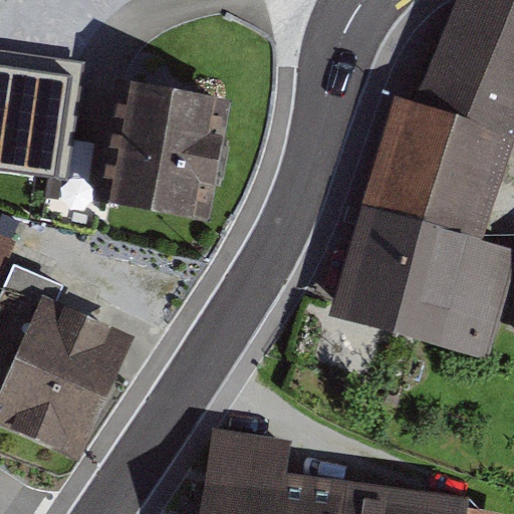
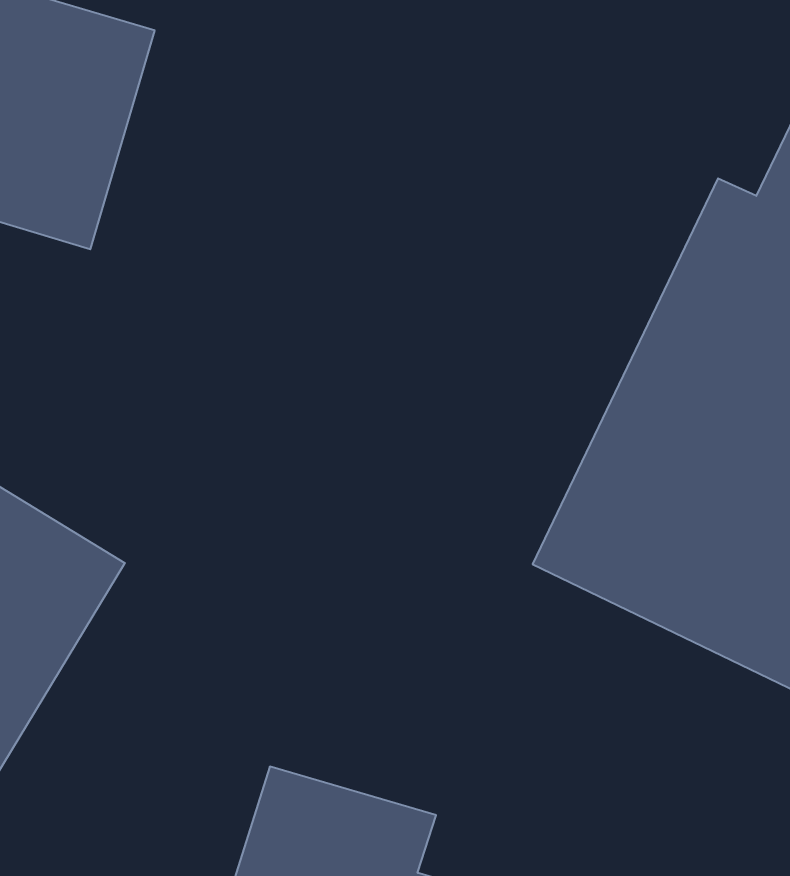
building: [102,87,224,222] -> none

